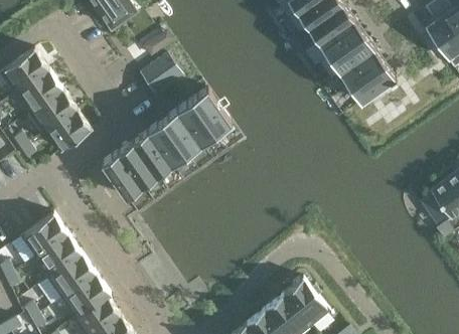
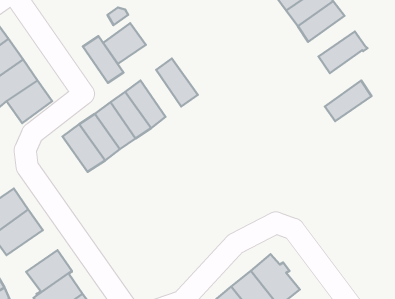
building: [338,47,384,87] -> [325,81,372,121]
building: [176,100,215,145] -> [83,36,124,83]
building: [46,255,96,299] -> none

